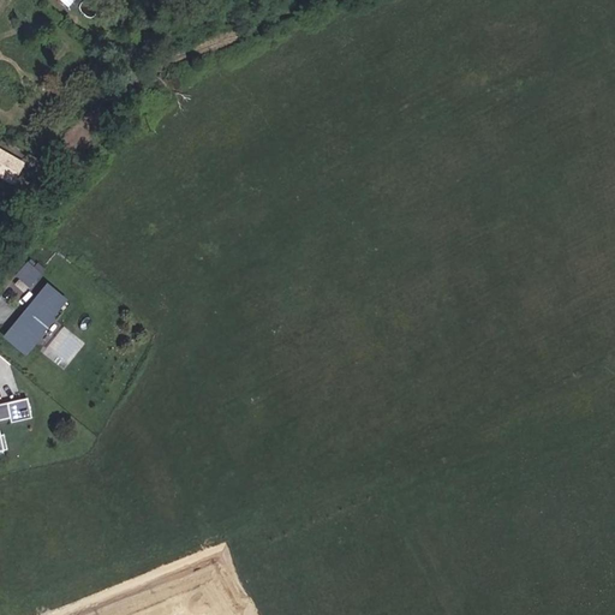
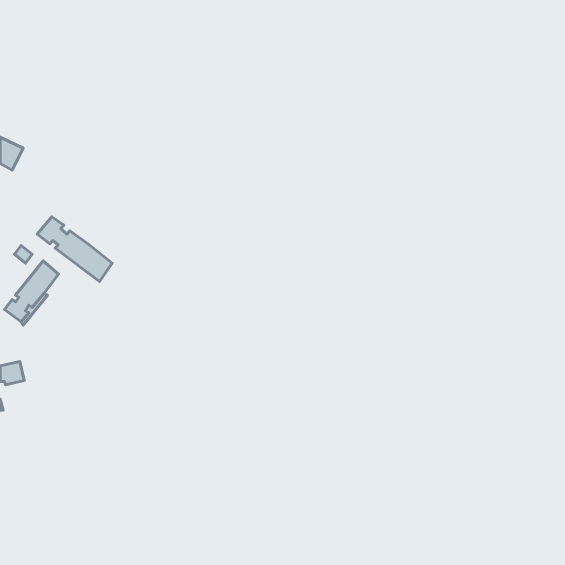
building: none -> [37,217,112,281]

